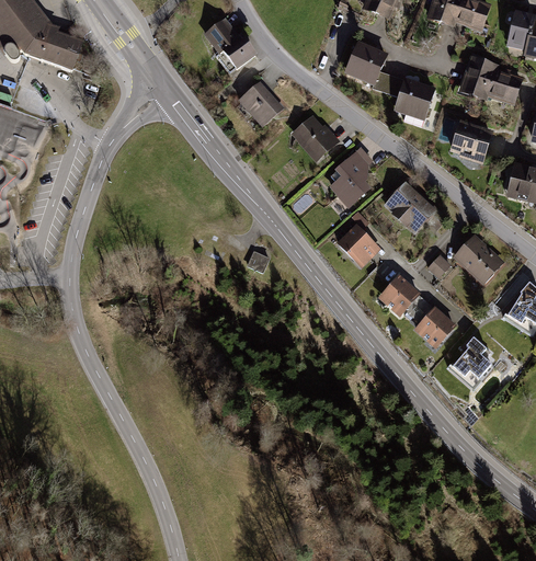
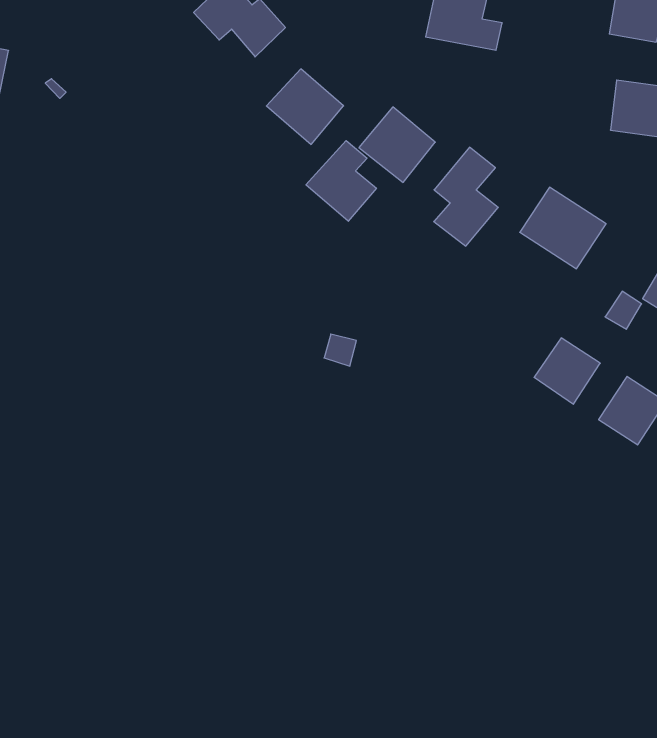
building: [386,72,434,119] -> none
building: none -> [306,141,376,221]
building: [335,222,381,268] -> none

